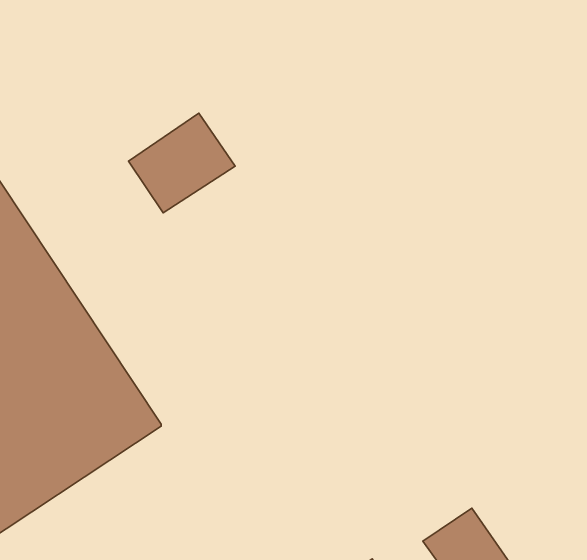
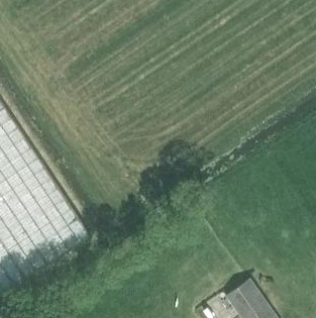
building: [129,113,235,213] -> none

